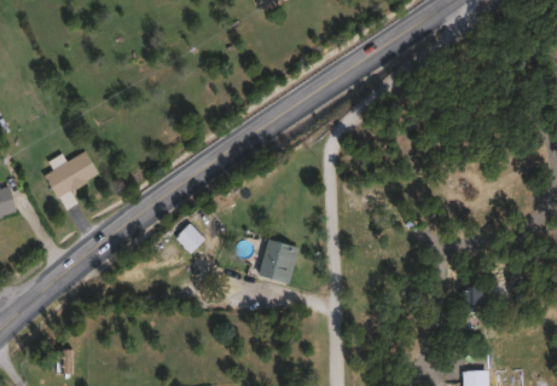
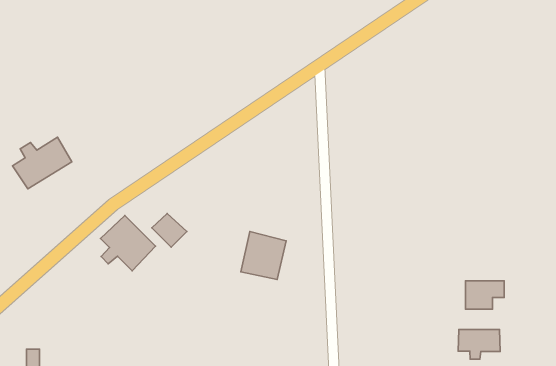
building: none -> [100,215,156,271]
building: none -> [458,329,500,359]

